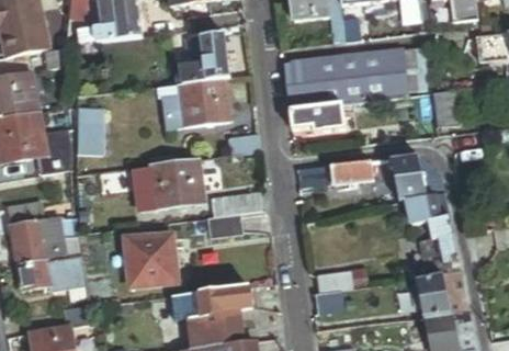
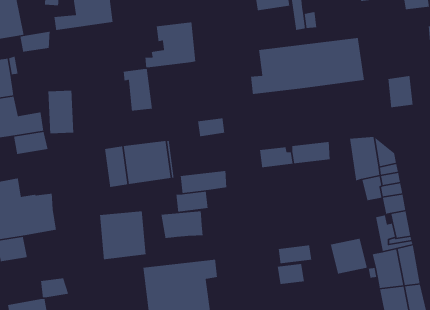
building: [178,77,229,126] -> none
building: [289,104,346,132] -> none
building: none -> [161,210,203,239]
building: [46,254,88,299] -> none
building: none -> [330,238,368,275]

